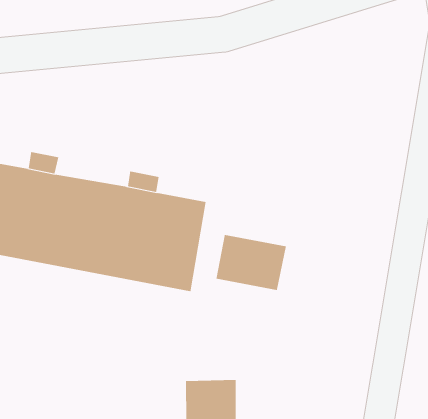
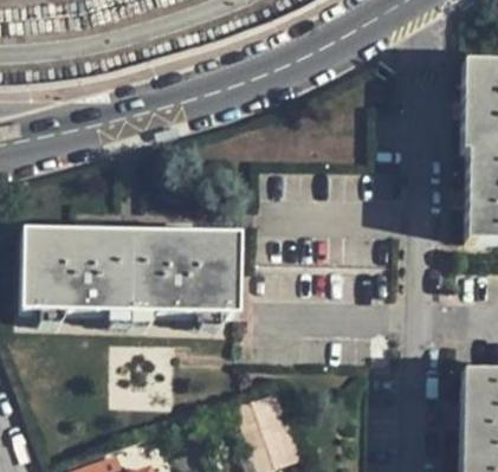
building: [216,234,287,291] -> none

